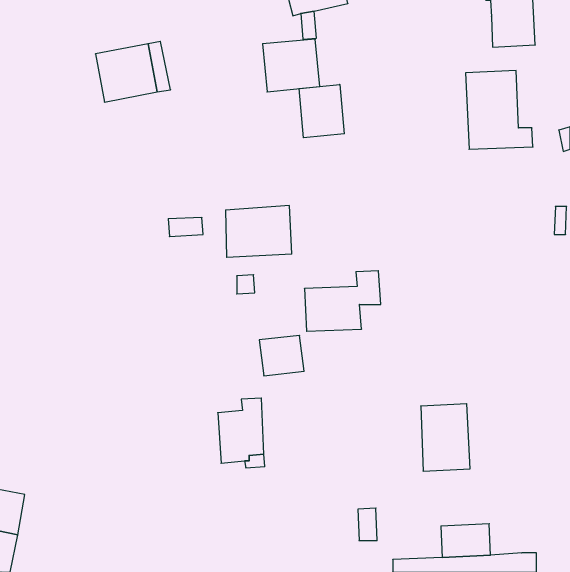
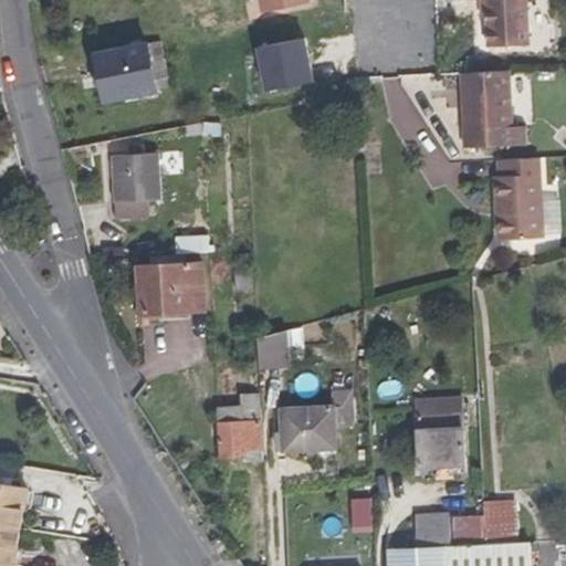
building: [299,84,344,138] -> none
building: none -> [109,153,159,219]
building: none -> [493,156,543,240]
building: [226,206,292,257] -> [137,262,202,313]
building: [304,271,381,331] -> [279,390,354,450]
building: none -> [481,501,514,547]

